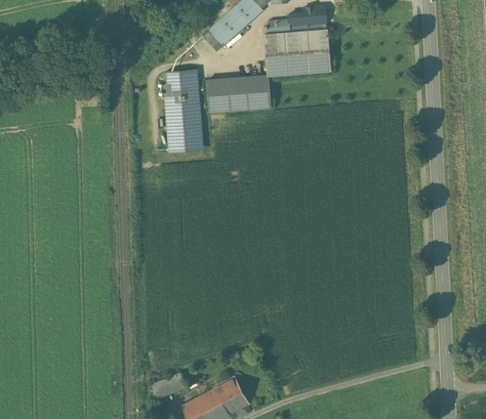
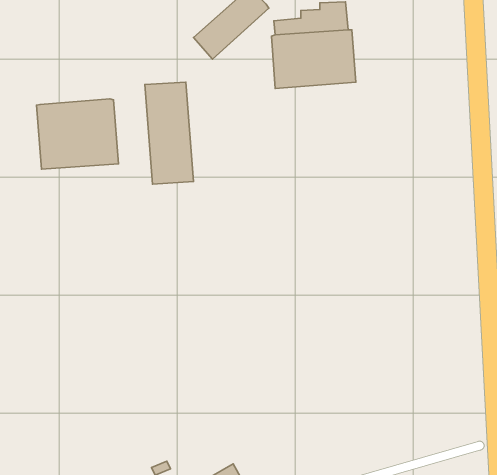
building: [206,75,270,112] -> none
building: none -> [36,99,118,169]

